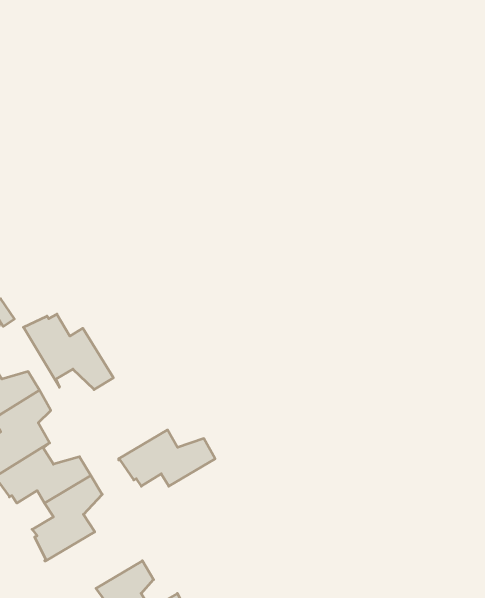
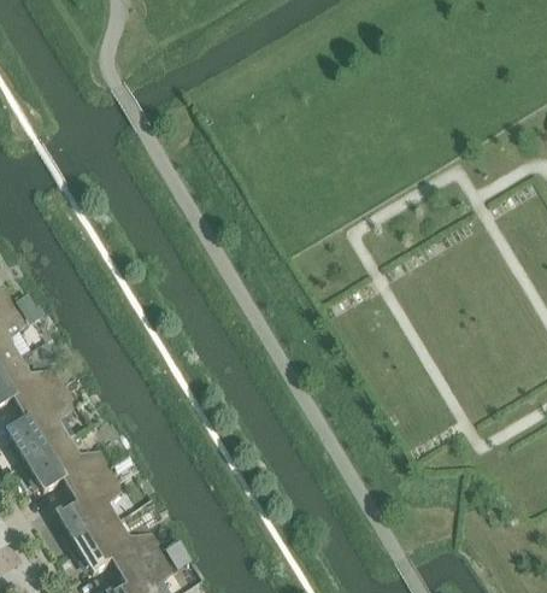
building: [23,314,113,390] -> none
building: [119,430,215,486] -> [69,519,161,574]

